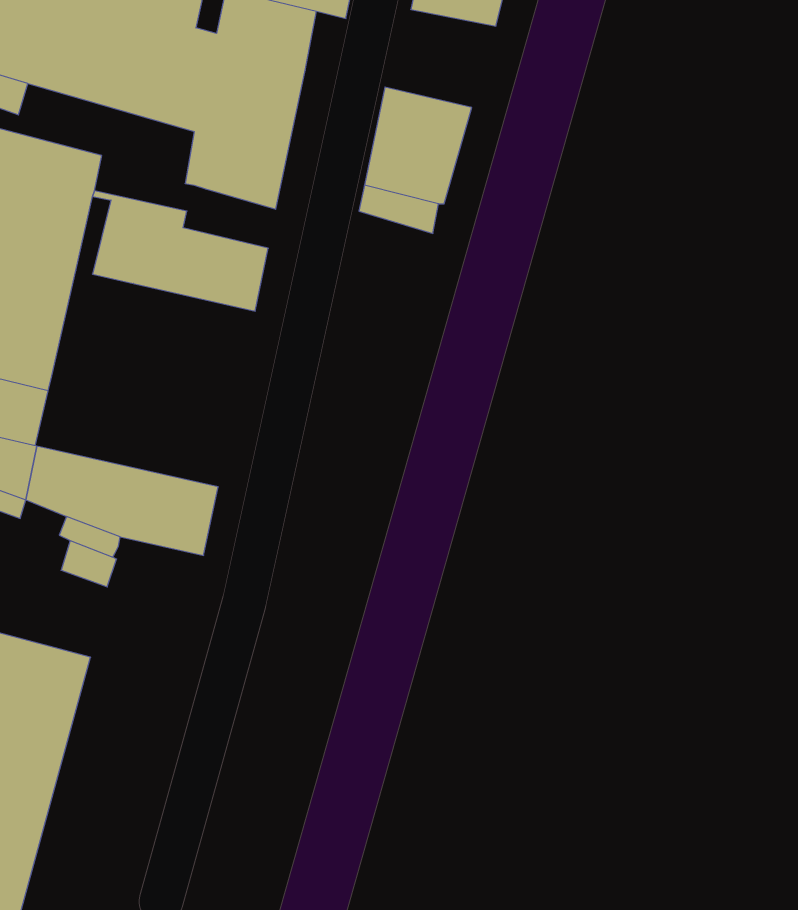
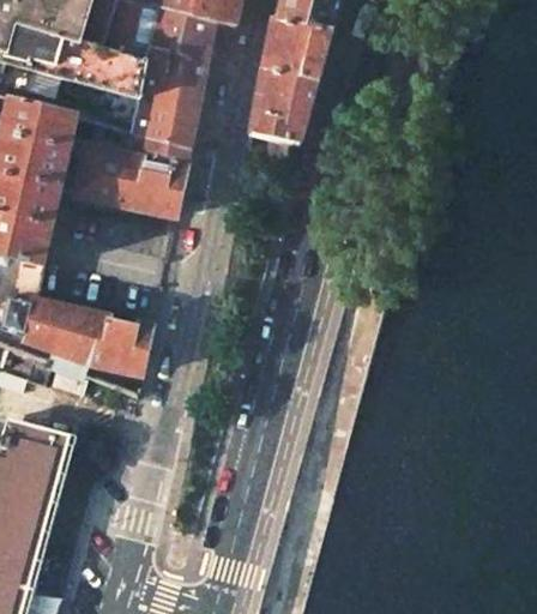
building: none -> [260,19,332,84]
building: none -> [129,134,189,175]

